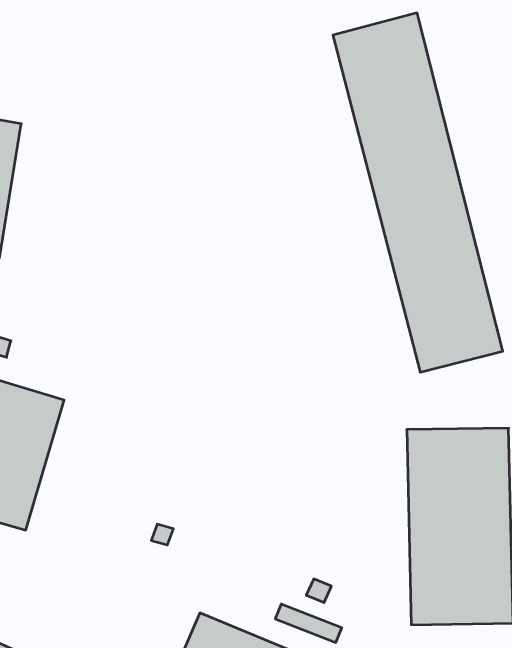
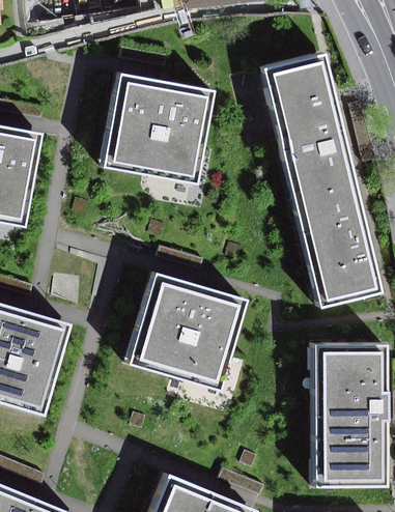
building: none -> [103,72,213,181]
building: none -> [128,273,245,390]

